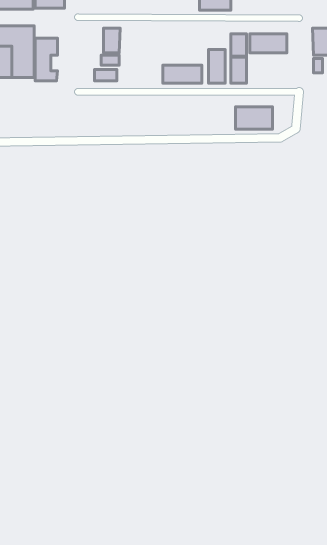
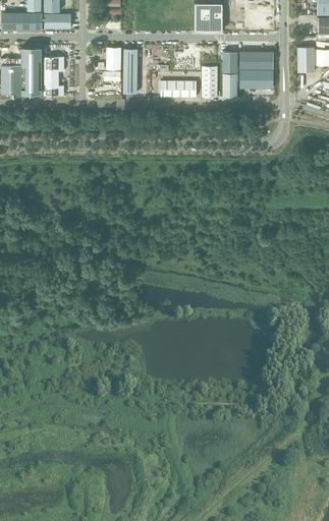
building: none -> [123,48,138,93]
building: [236,107,272,129] -> [239,71,273,92]

